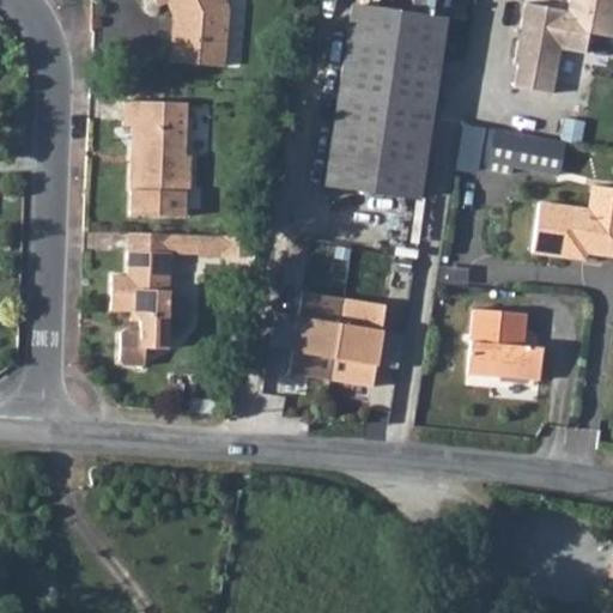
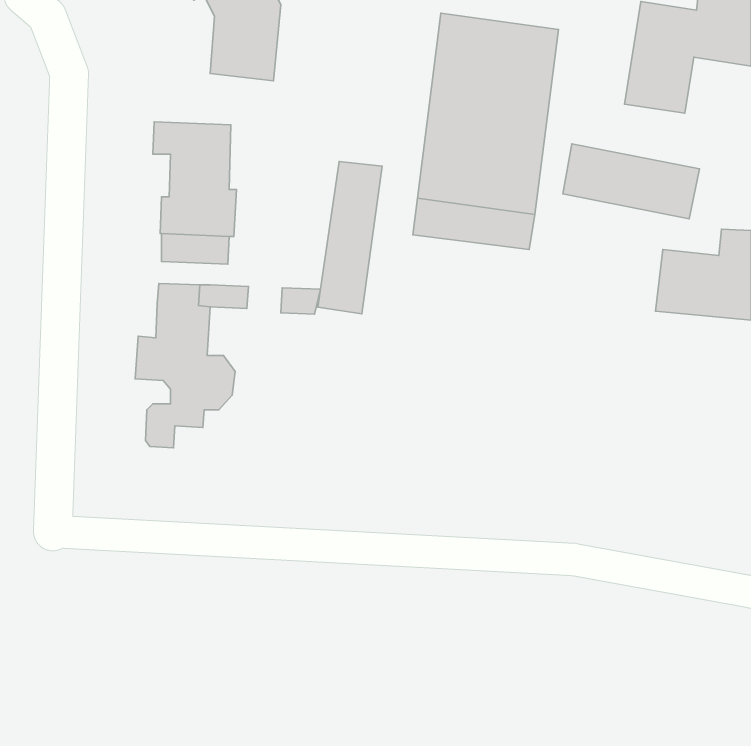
building: none -> [318,162,382,314]
building: [287,295,382,386] -> none
building: [469,308,544,376] -> none

